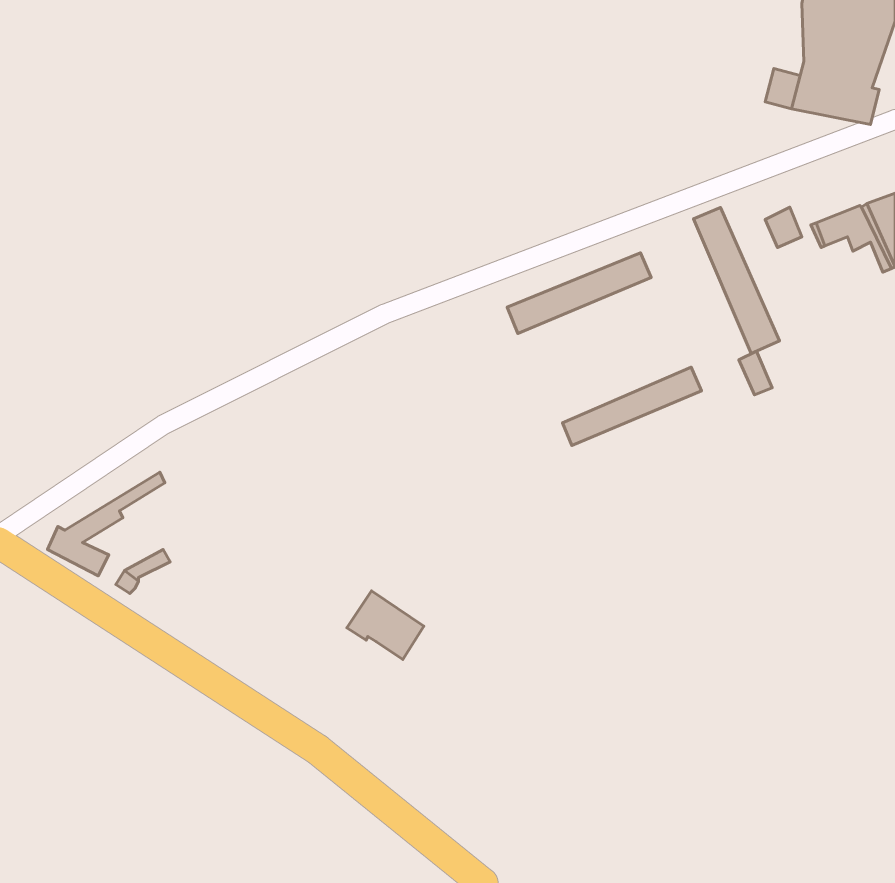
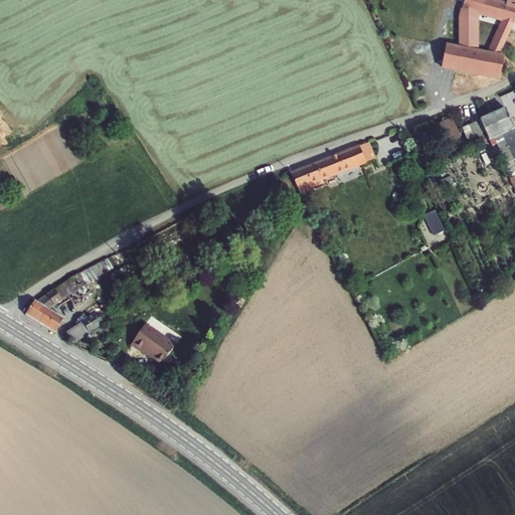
building: [694,208,780,353] -> none
building: [562,367,702,446] -> none
building: [347,591,424,659] -> [130,323,174,362]

